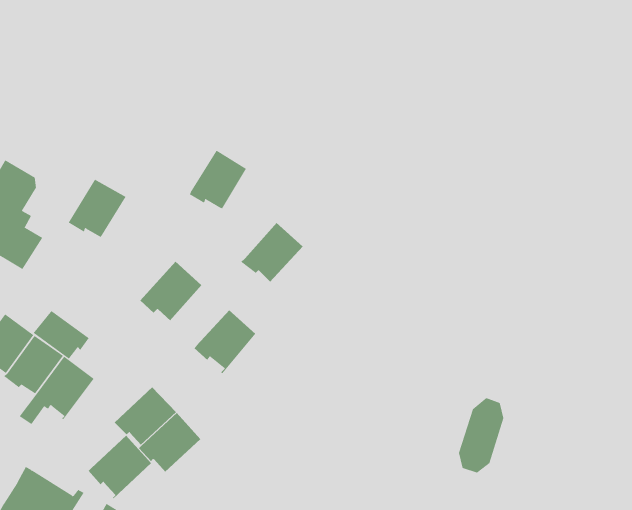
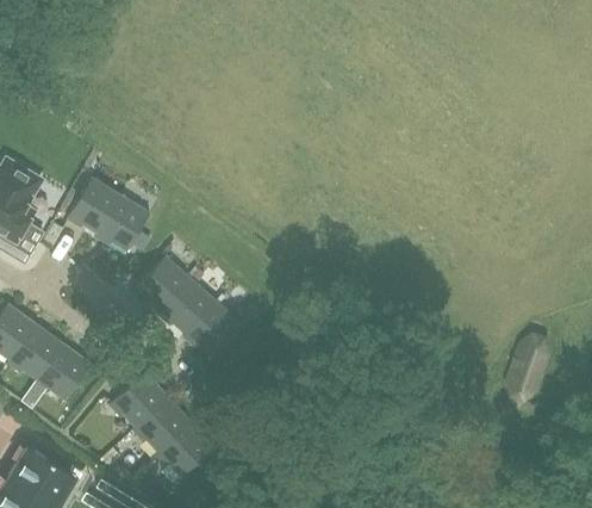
building: [189,150,247,214] -> [94,193,148,253]
building: [241,222,303,282] -> [156,275,214,332]
building: [33,310,90,359] -> none
building: [458,398,504,473] -> [507,334,550,404]
building: [88,435,152,499] -> [152,419,212,478]

